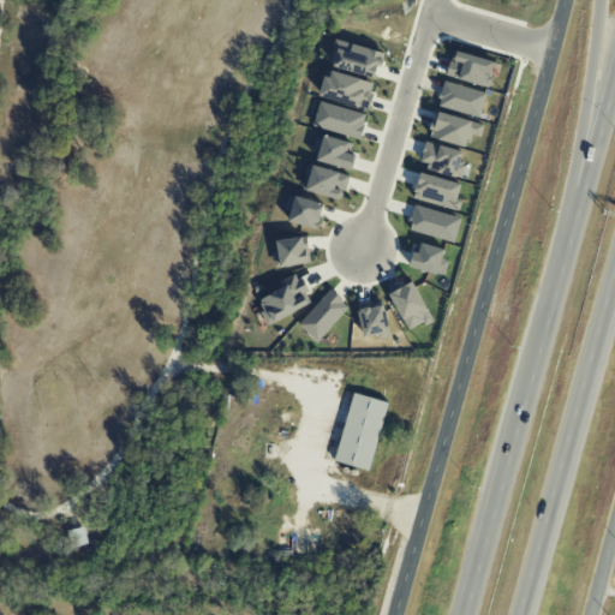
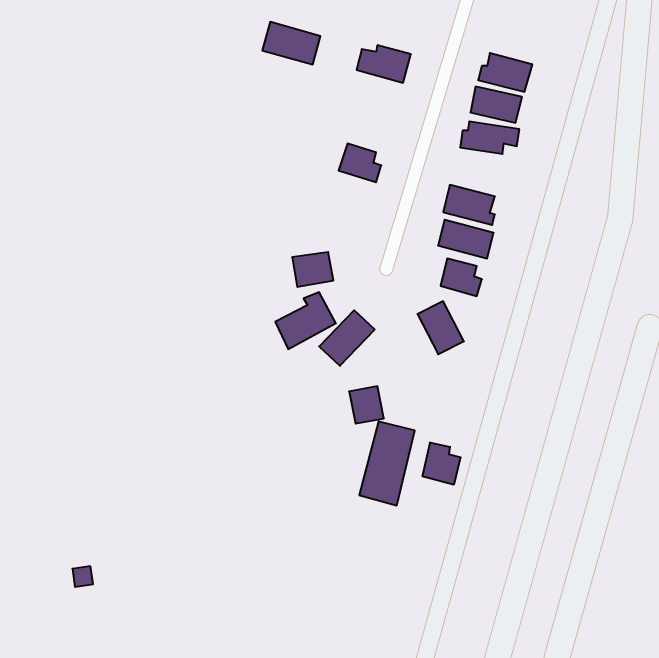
building: [320,68,374,108] -> [262,22,320,65]
building: [312,100,365,137] -> none
building: [418,139,464,175] -> none
building: [303,163,347,198] -> none
building: [287,196,322,226] -> none
building: [357,303,389,338] -> [349,386,384,424]
building: none -> [423,442,461,485]

